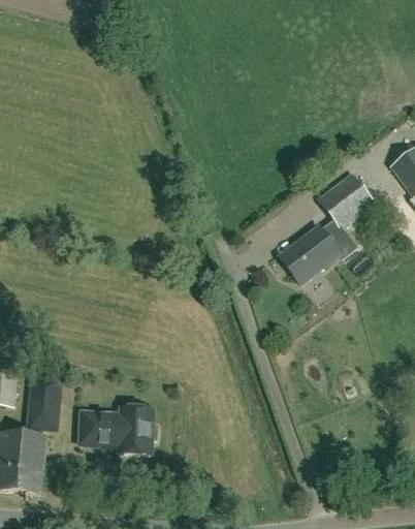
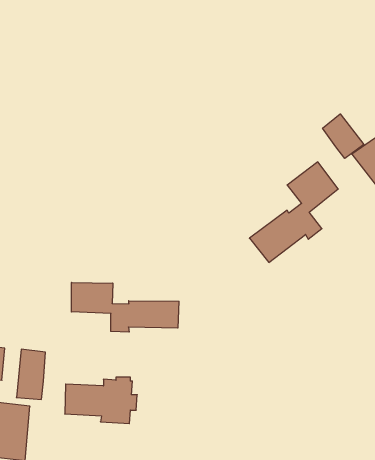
building: none -> [323,114,364,158]
building: none -> [71,282,179,332]

